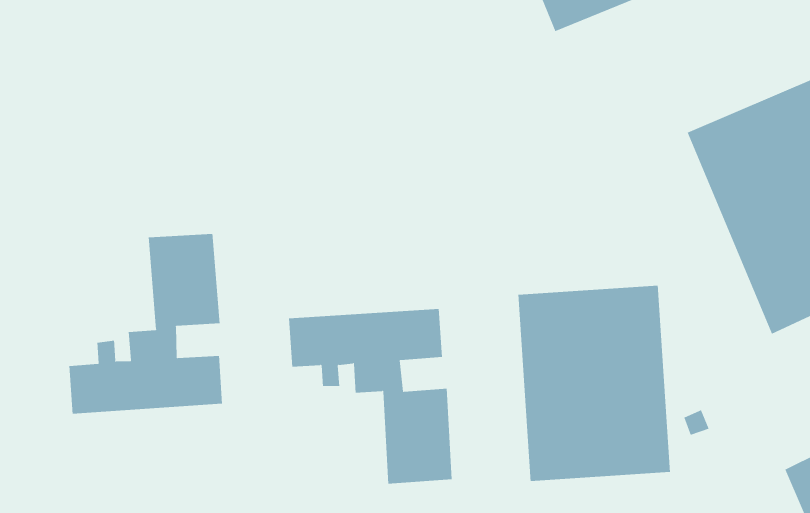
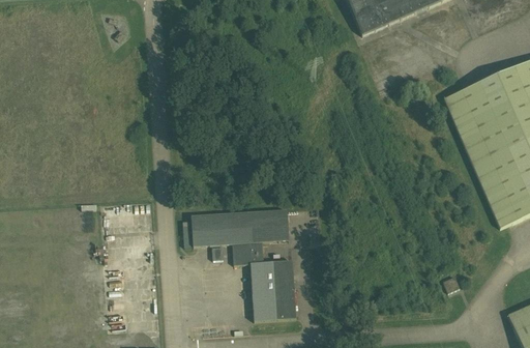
building: [69,233,223,414] -> none
building: [518,285,670,482] -> none

